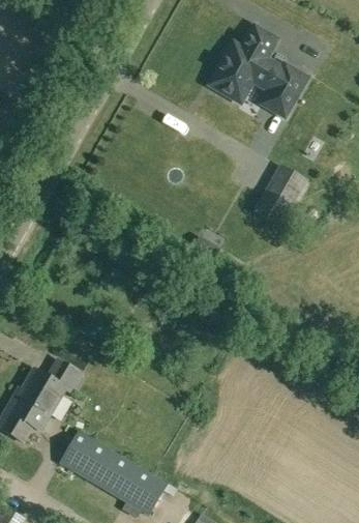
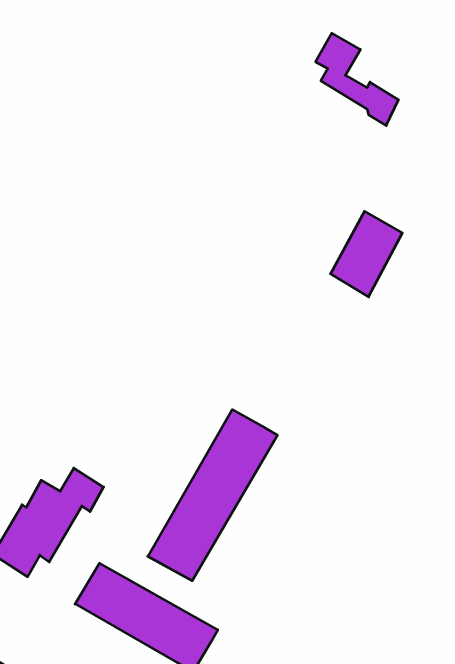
building: [211,46,296,117] -> none
building: none -> [148,410,277,581]

